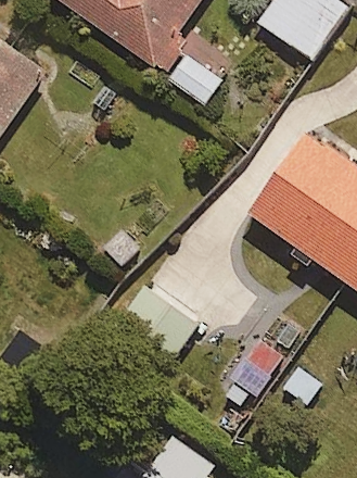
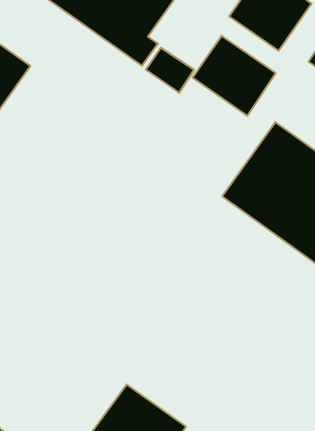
building: none -> [192,36,276,116]

